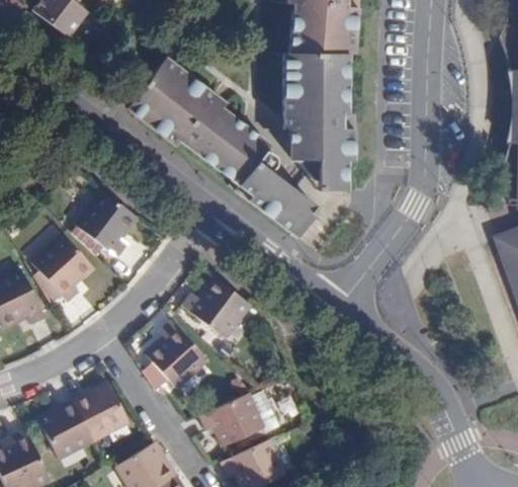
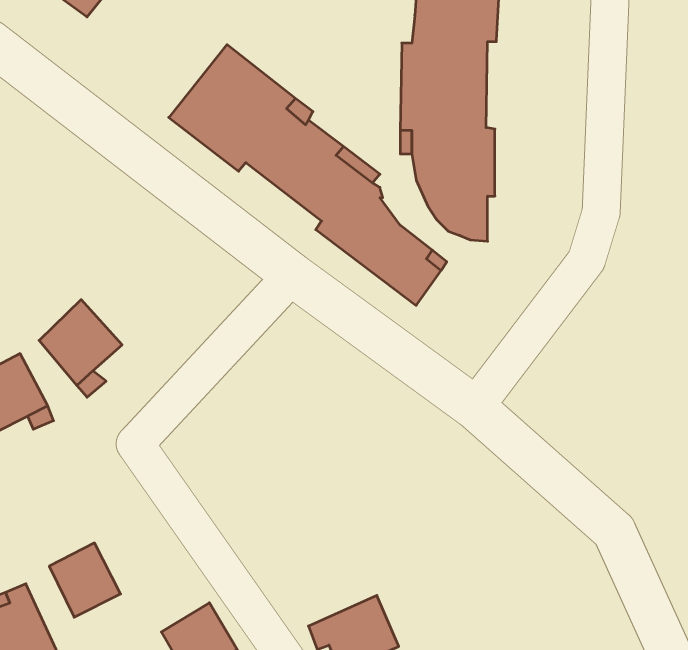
building: [76,192,136,258] -> none
building: [182,279,251,339] -> none
building: [148,321,207,388] -> none
building: [74,385,130,438] -> none
building: [200,393,263,445] -> none

